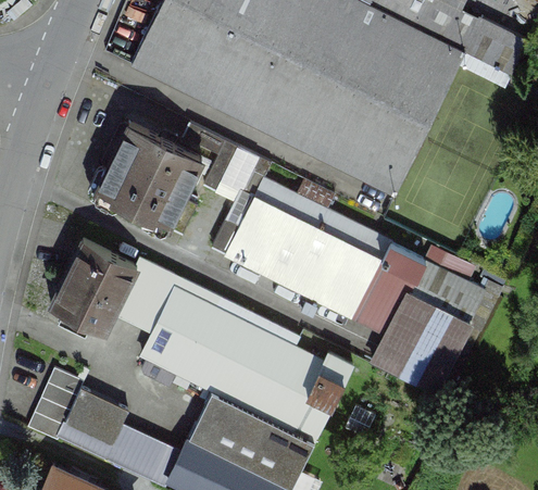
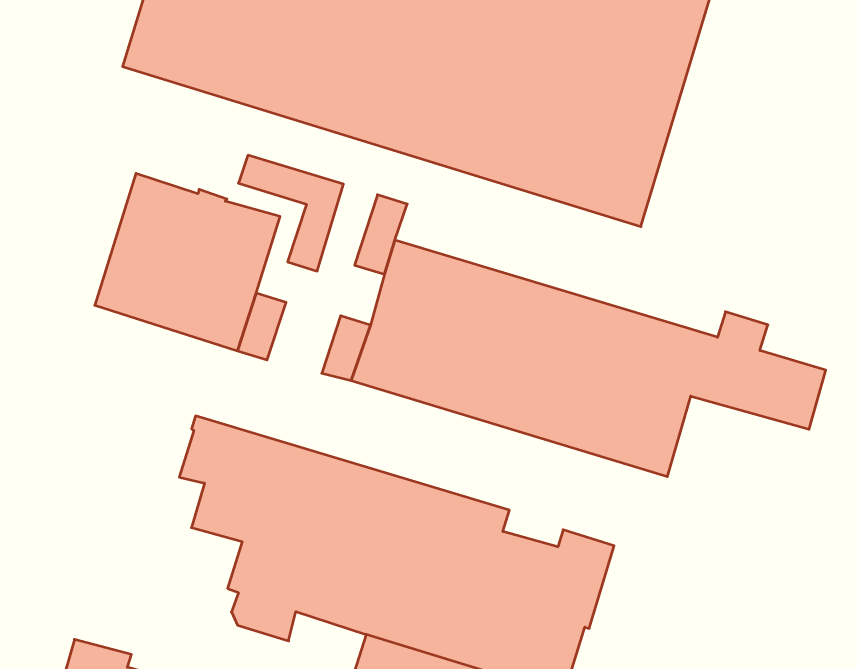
building: [49,239,136,332] -> none
building: [372,291,467,389] -> none

